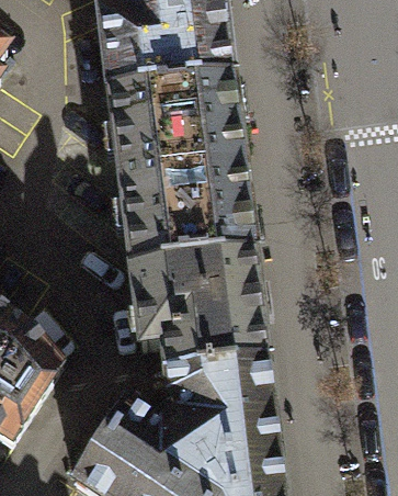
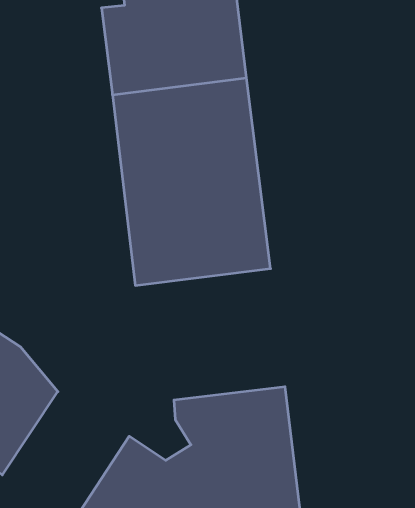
building: [125,258,261,377] -> none

